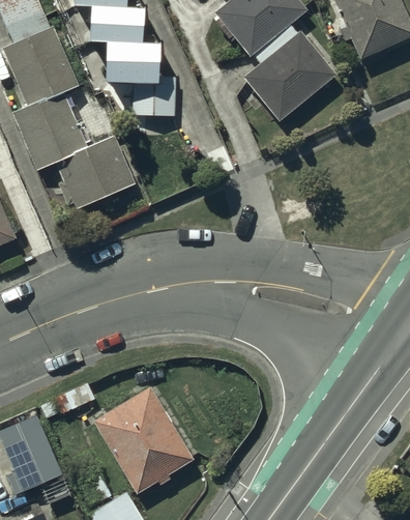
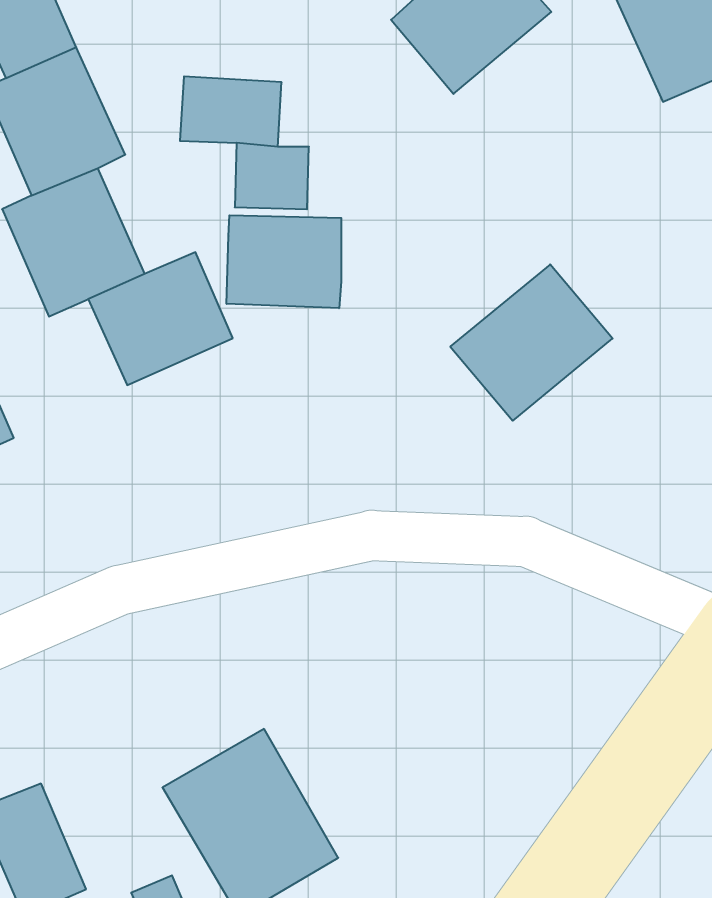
building: [87,8,142,46] -> none
building: [245,34,331,117] -> [450,264,613,421]
building: none -> [227,215,341,308]

